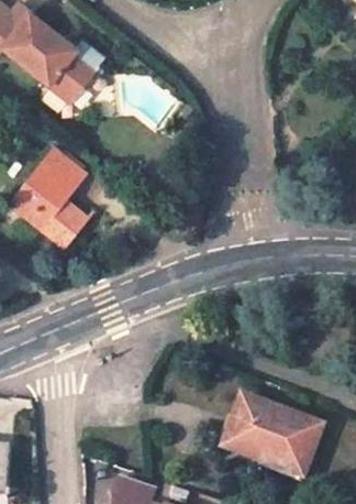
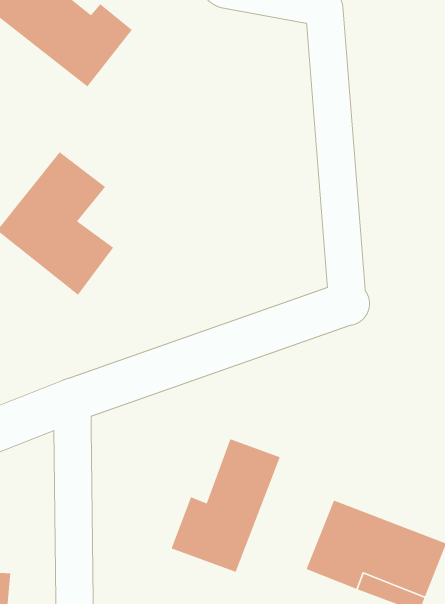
building: none -> [171,438,281,573]

